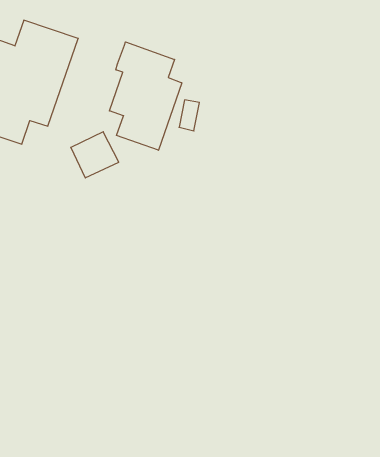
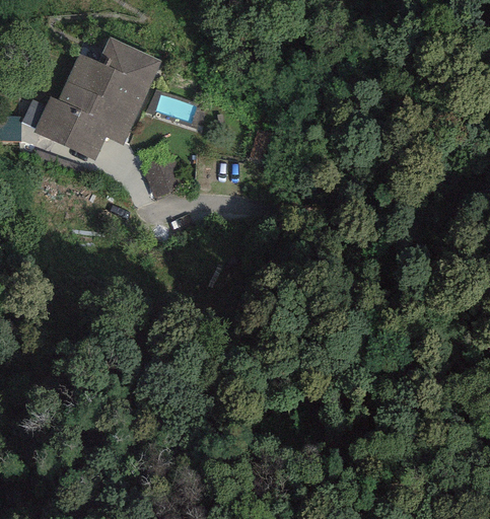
building: [109,42,182,150] -> none

